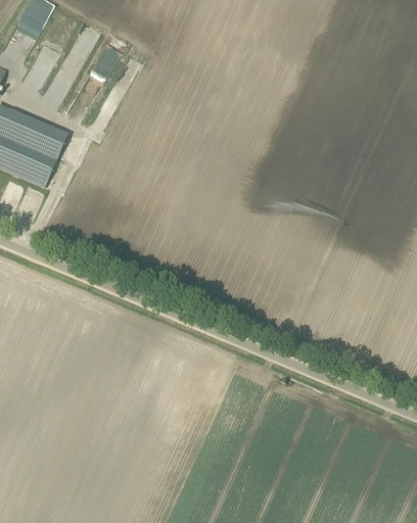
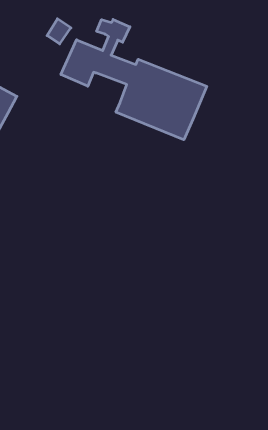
building: none -> [61,19,207,140]

